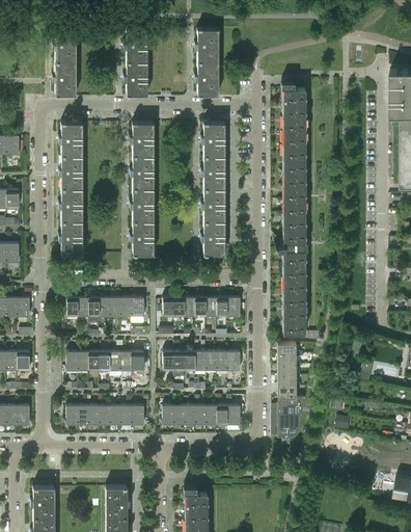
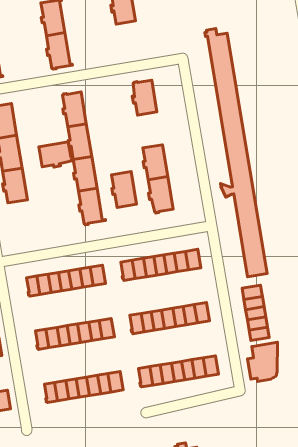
building: [195,61,219,96] -> none
building: [201,155,223,188] -> [112,171,137,207]
building: none -> [39,142,72,167]
building: [59,220,83,255] -> none

